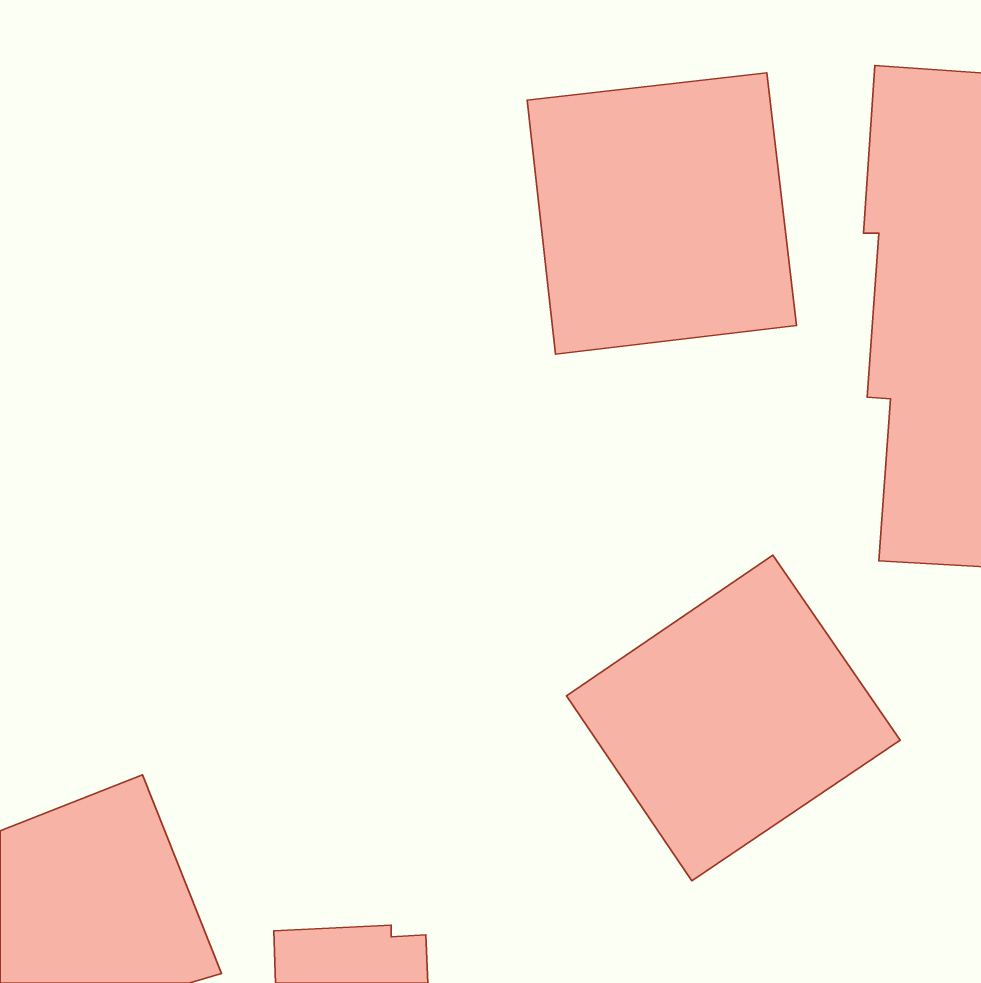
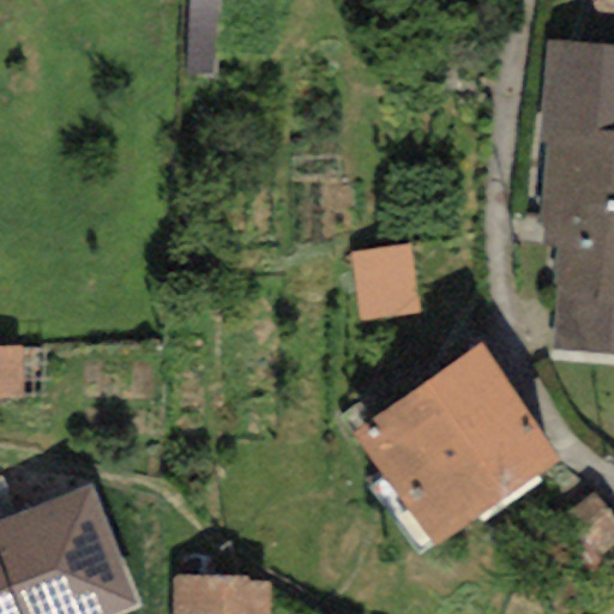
building: [527,73,797,354] -> none
building: none -> [350,243,420,321]

